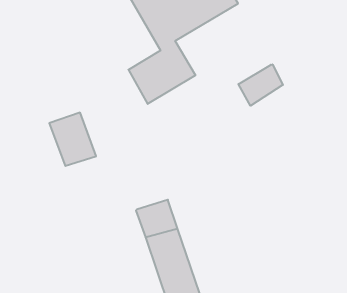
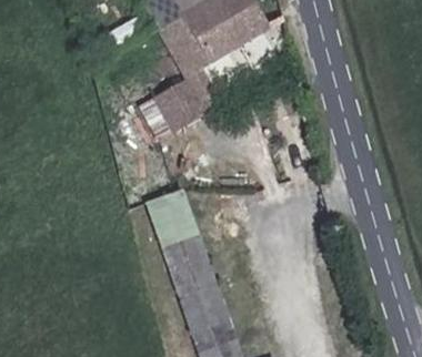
building: [238,64,283,106] -> none
building: [49,113,96,166] -> [147,188,195,244]

